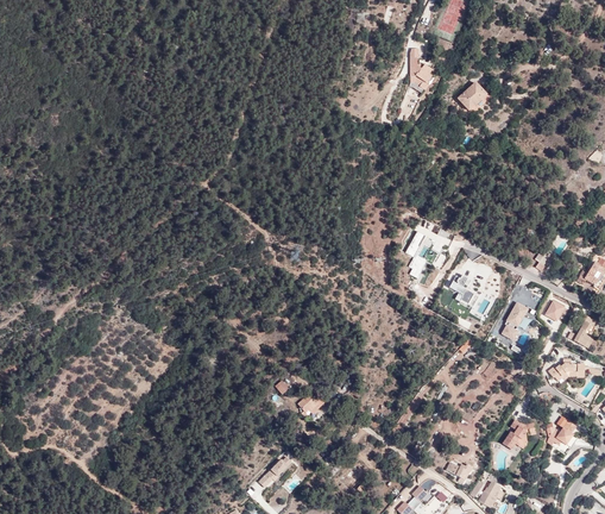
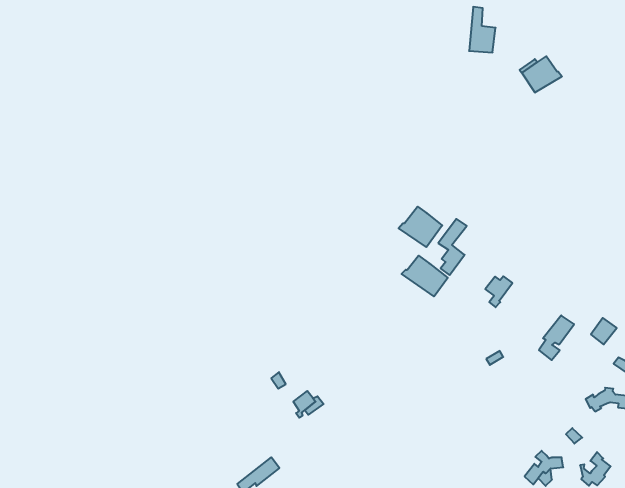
building: none -> [399,207,442,247]
building: none -> [402,256,448,296]

